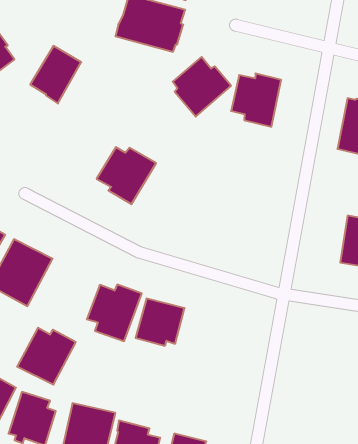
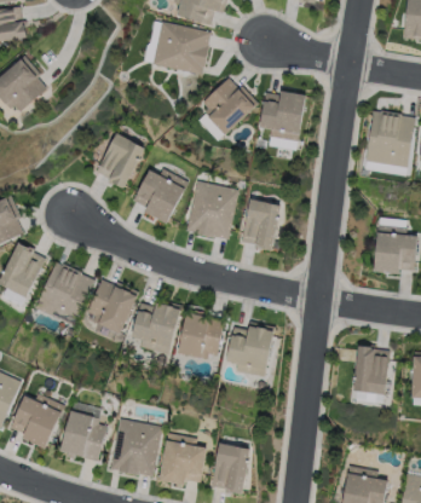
building: [30,46,81,104] -> [97,133,145,189]
building: none -> [185,180,240,241]
building: none -> [242,197,284,250]
building: none -> [226,323,275,378]
building: [17,328,76,385] -> [85,281,140,335]
building: none -> [352,343,388,404]

